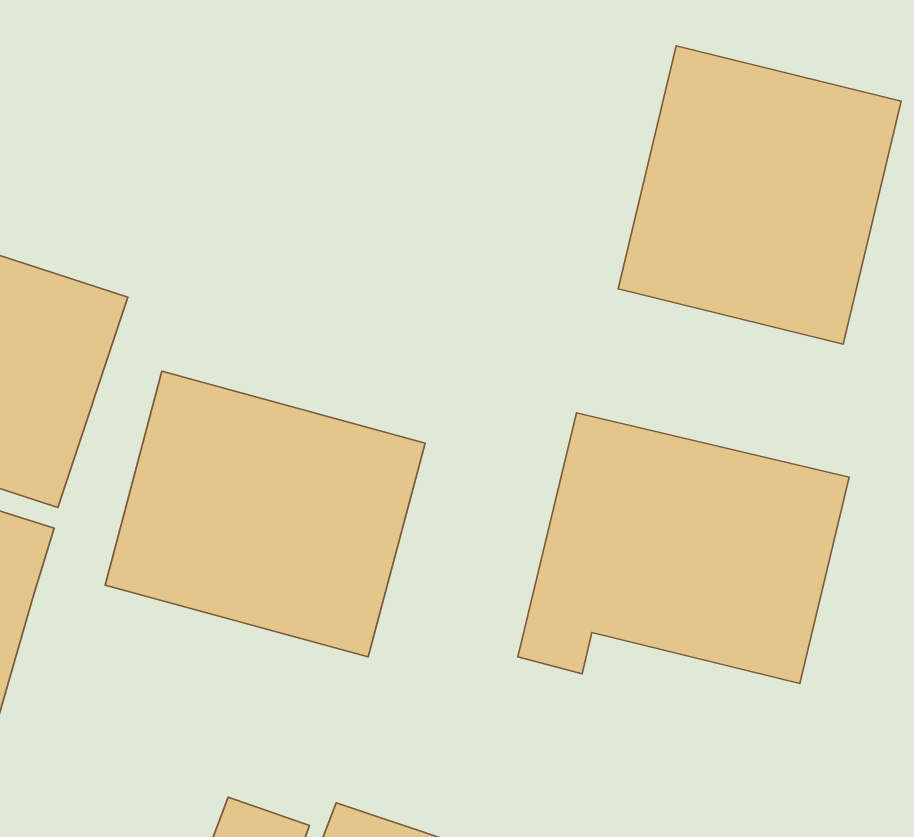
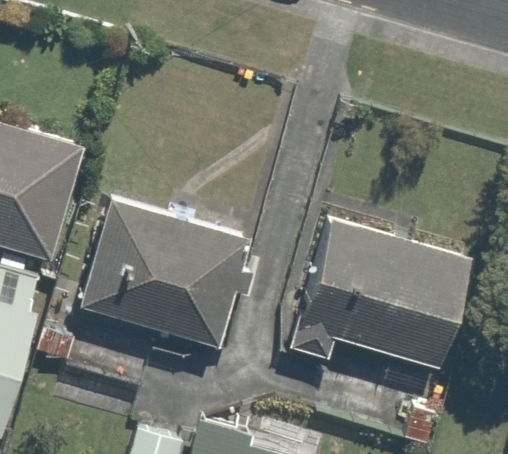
building: [618,46,901,344] -> none

